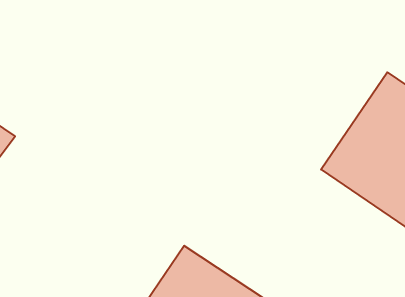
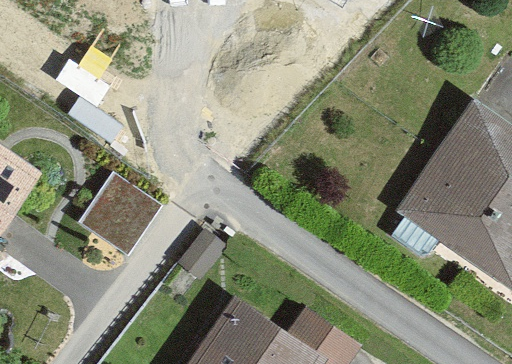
building: none -> [81,176,161,256]

